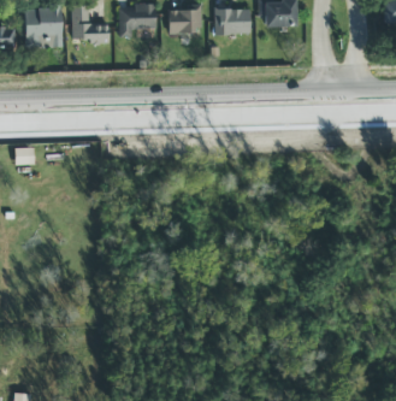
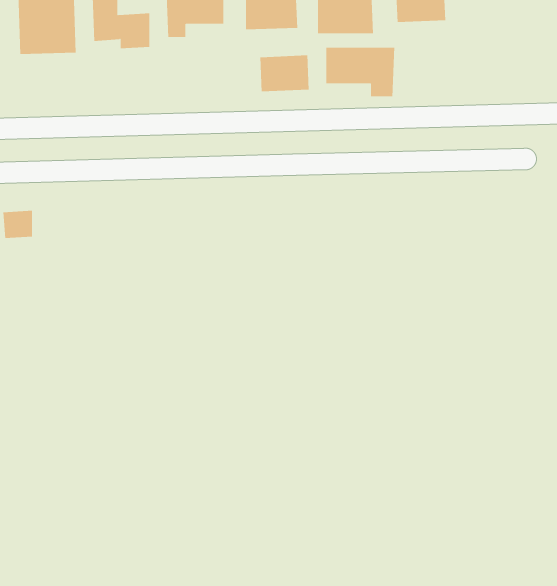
building: none -> [326,47,395,97]
building: none -> [260,55,309,92]

